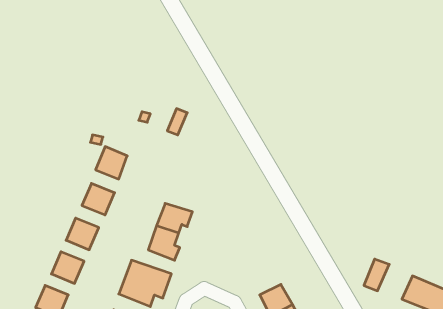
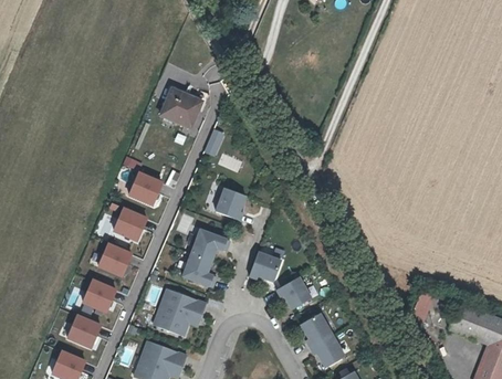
building: none -> [161,87,200,125]
building: none -> [216,189,247,222]
building: none -> [249,252,282,284]
building: none -> [276,278,312,312]

